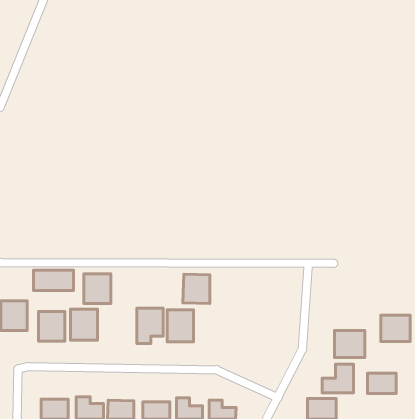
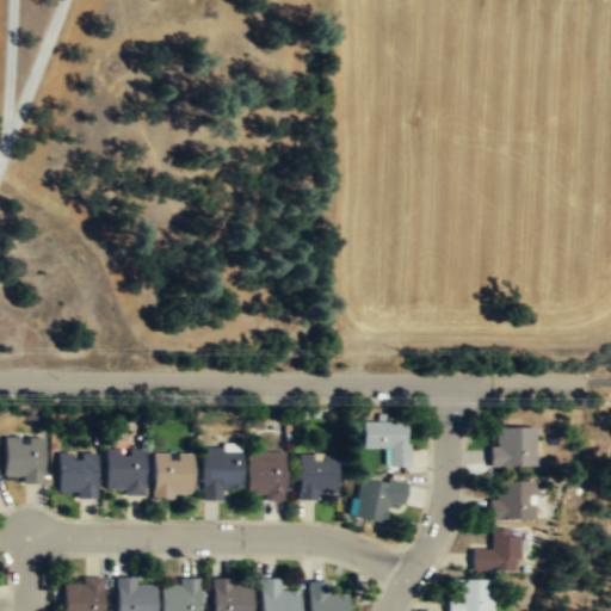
building: [33,270,74,290] -> none
building: [84,274,111,303] -> [156,455,196,498]
building: [183,274,210,304] -> [301,456,340,499]
building: none -> [366,421,412,465]
building: [381,315,410,342] -> [494,428,537,467]
building: none -> [356,476,409,520]
building: [368,373,396,393] -> none

